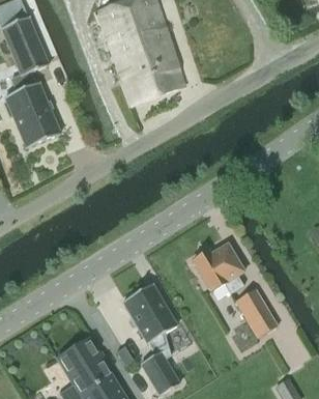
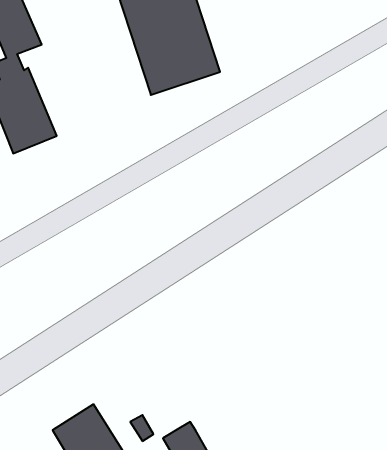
building: [193,241,244,291] -> none
building: [123,283,177,357] -> none
building: [235,286,278,336] -> none

